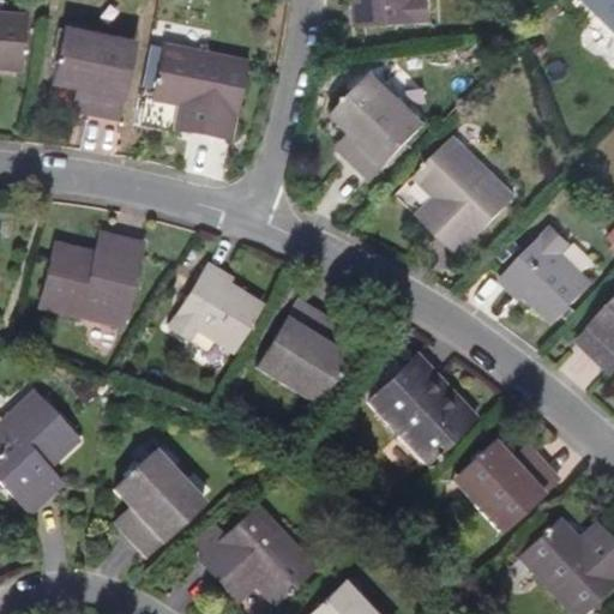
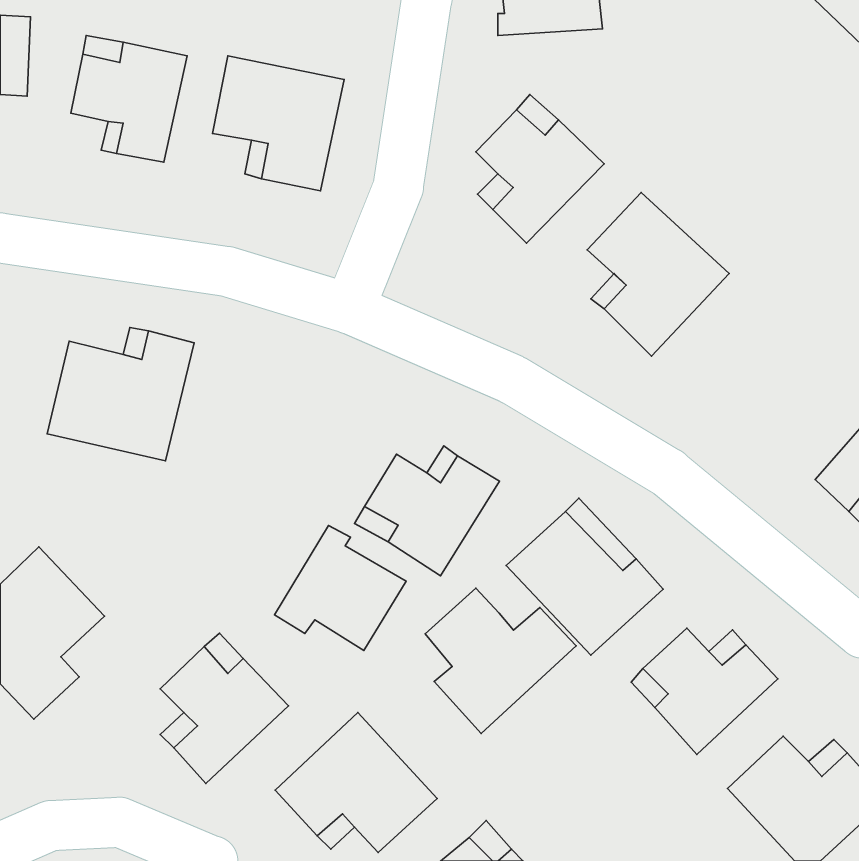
building: [505,224,597,323] -> none
building: [164,267,258,356] -> [274,525,406,650]
building: none -> [425,588,576,733]

